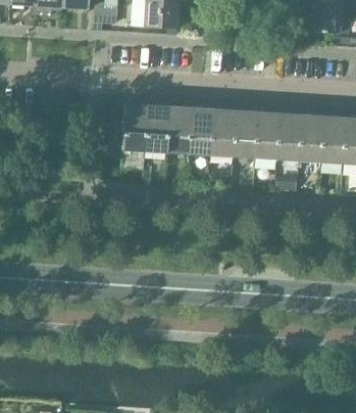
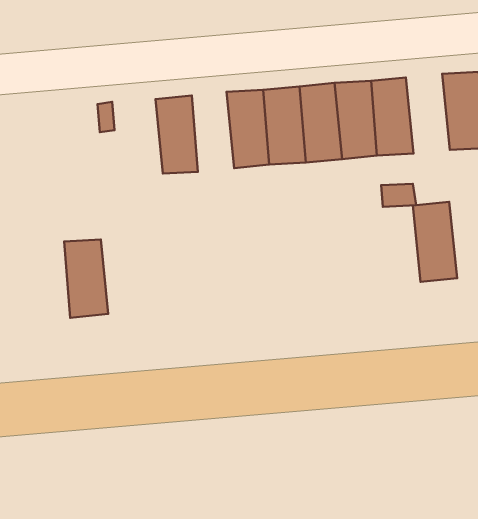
building: [121,102,147,150] -> [64,240,108,318]
building: [166,105,191,153] -> none
building: [299,113,323,162] -> [413,202,457,282]

